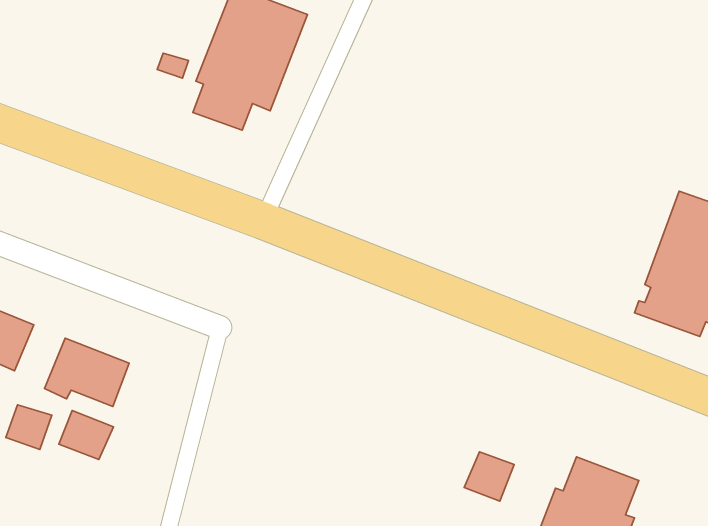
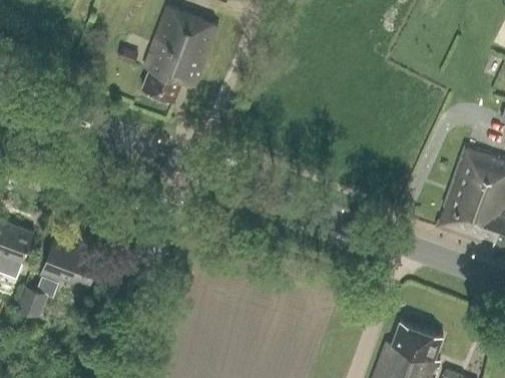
building: [59,410,114,460] -> none
building: [464,452,514,501] -> none

